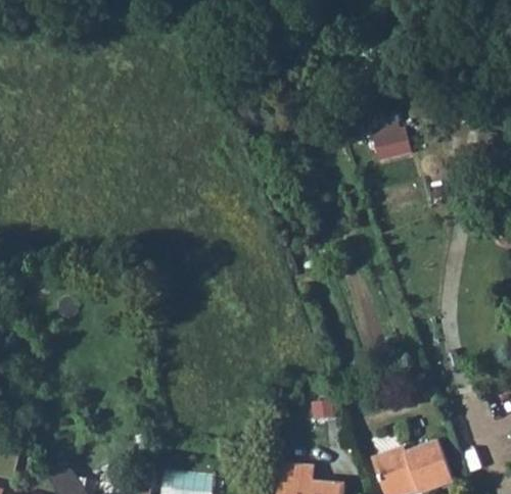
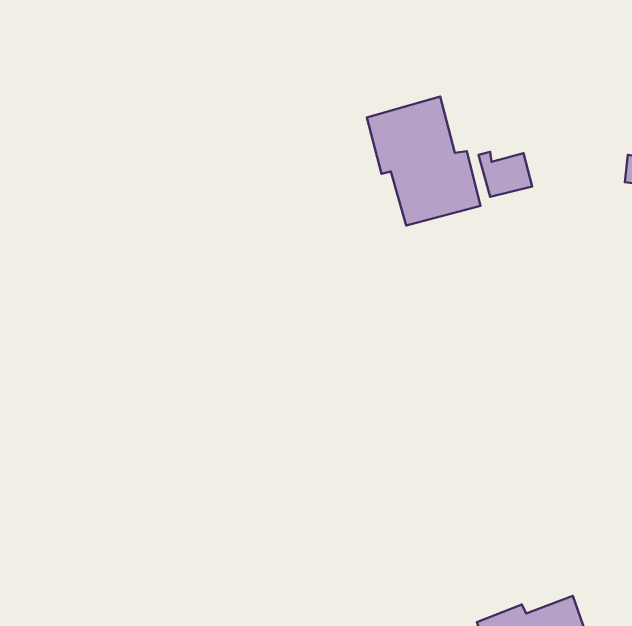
building: none -> [367,97,480,225]

